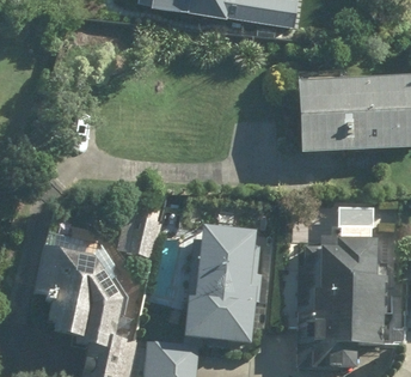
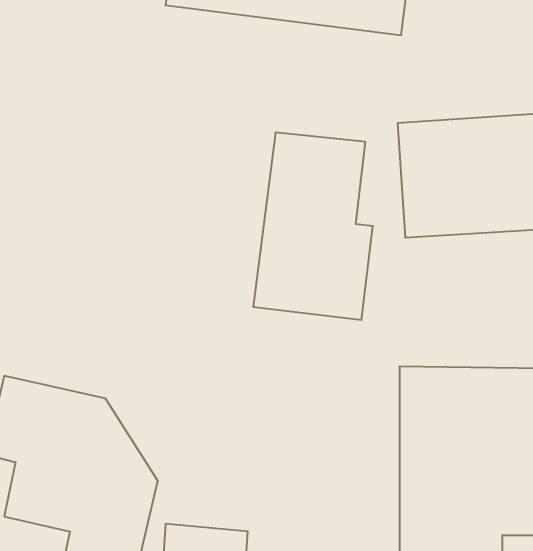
building: [180,225,257,345] -> [253,133,373,320]

